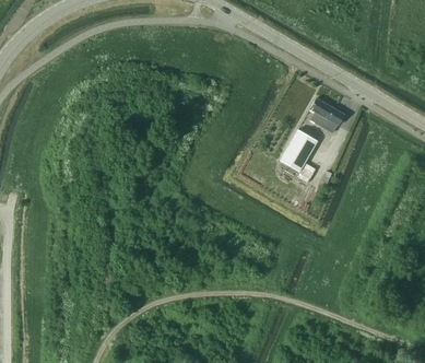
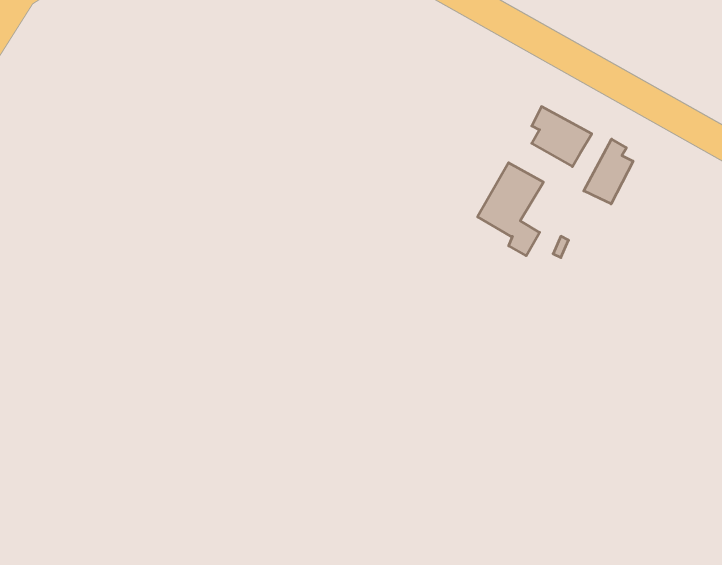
building: none -> [584,139,633,204]

